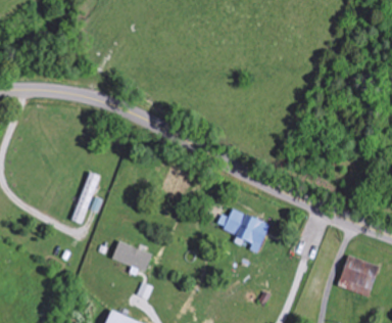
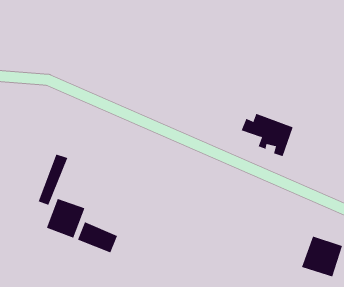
building: [216,209,270,252] -> [241,113,293,157]
building: none -> [46,198,85,239]

